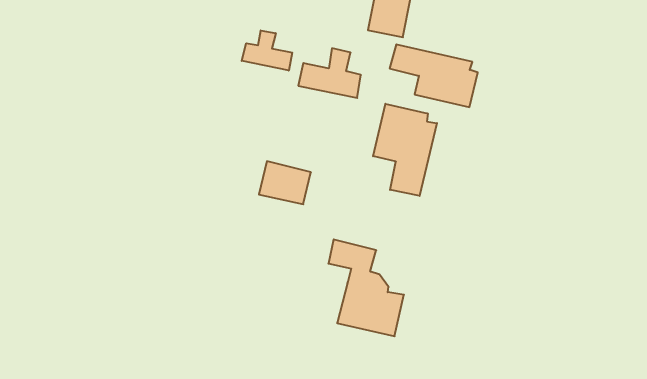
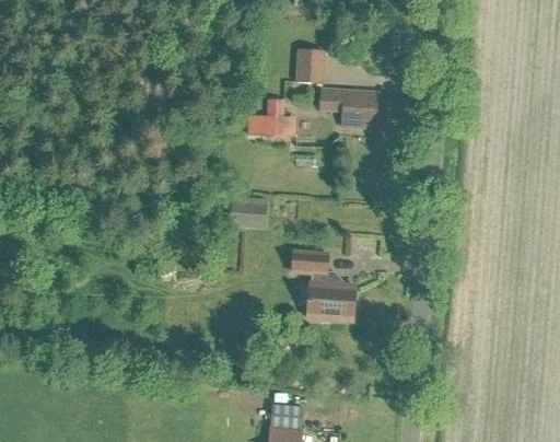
building: [242,30,292,71] -> none
building: [373,104,437,196] -> none

